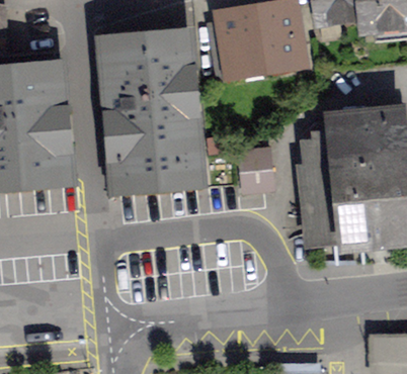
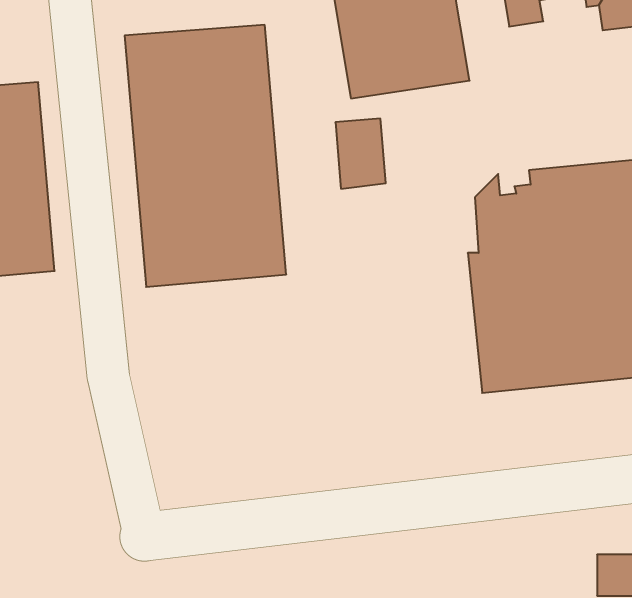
building: [241,150,269,189] -> [335,119,386,189]

